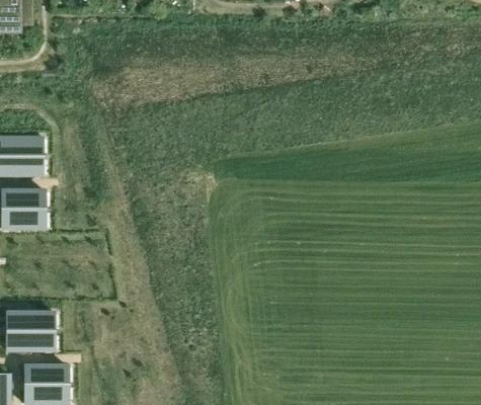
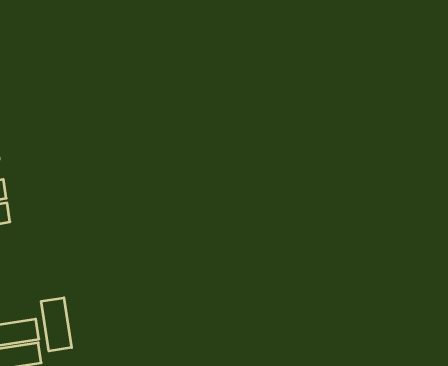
building: none -> [41,298,72,351]

